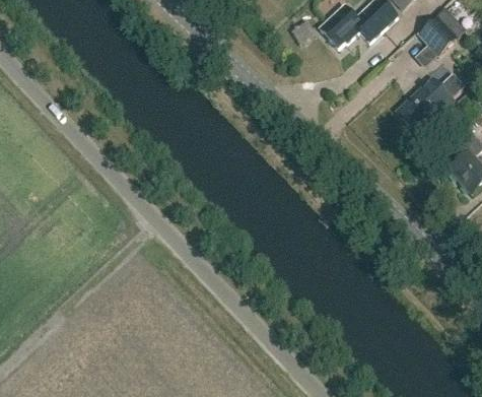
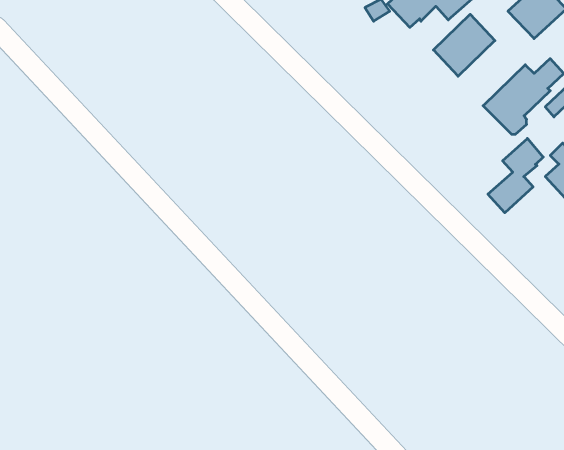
building: none -> [433,14,495,76]
building: none -> [488,138,543,213]

